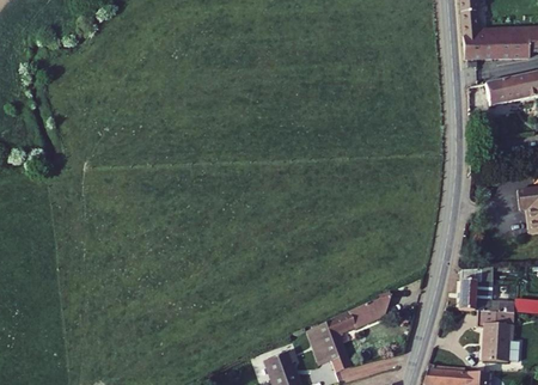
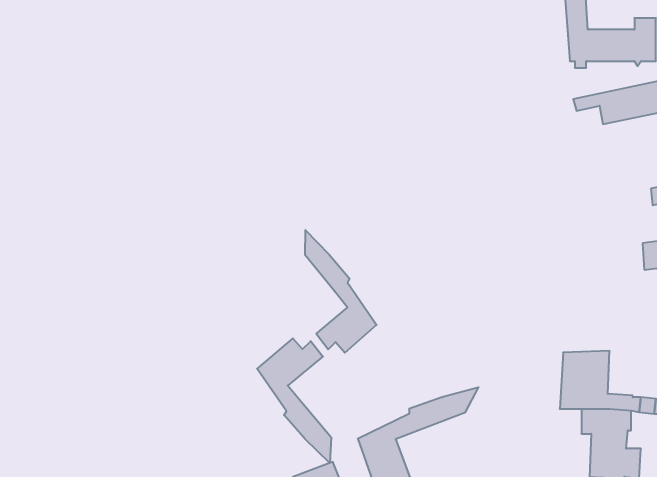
building: none -> [305,230,377,353]
building: none -> [257,338,331,463]

